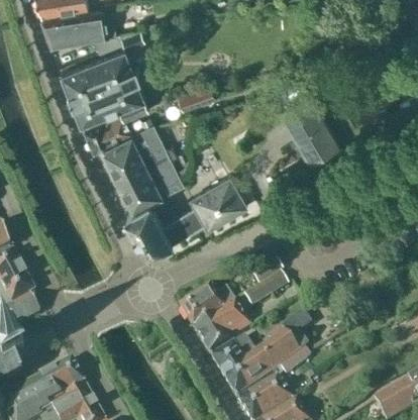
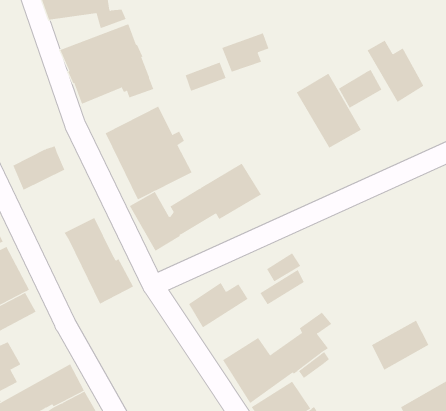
building: none -> [222,33,269,72]
building: none -> [367,40,424,103]
building: none -> [338,69,382,109]
building: [83,109,131,150] -> [12,146,65,191]
building: none -> [64,217,134,305]
building: [192,300,249,353] -> none
building: none -> [371,320,429,370]

